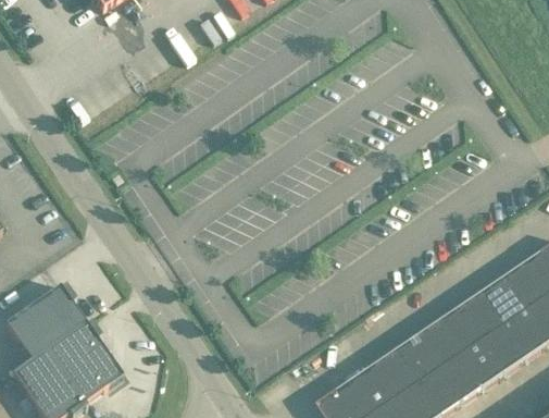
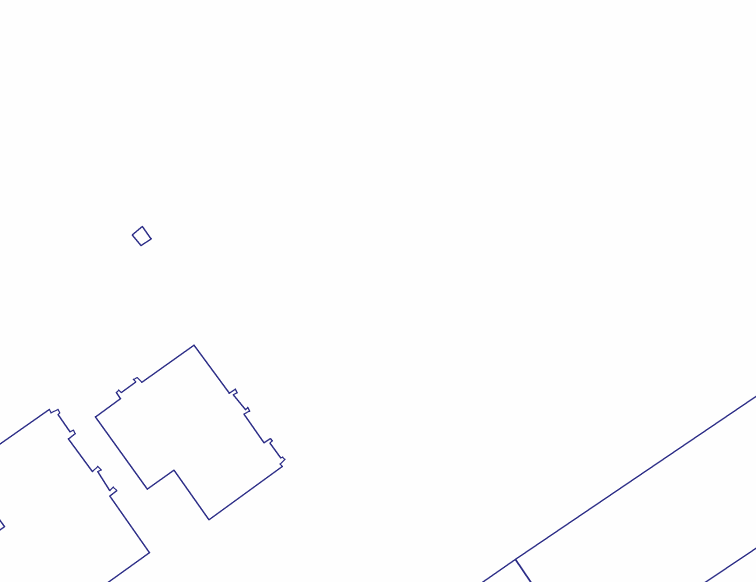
building: none -> [95,345,285,520]

